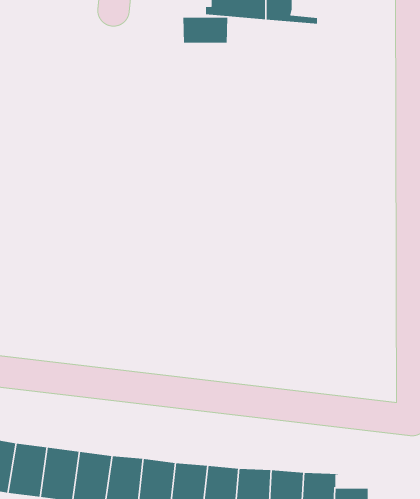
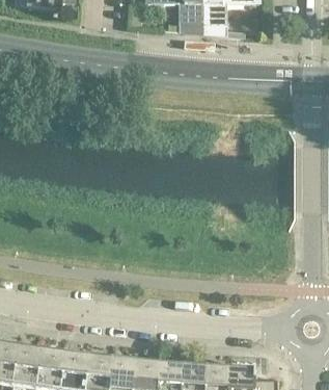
building: [183,17,228,44] -> none

